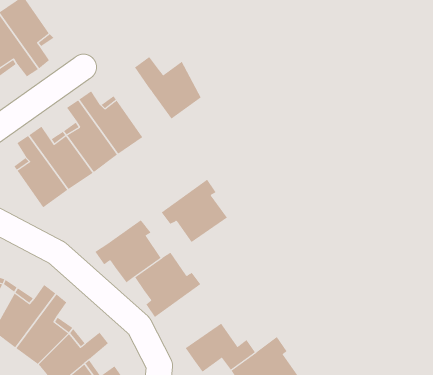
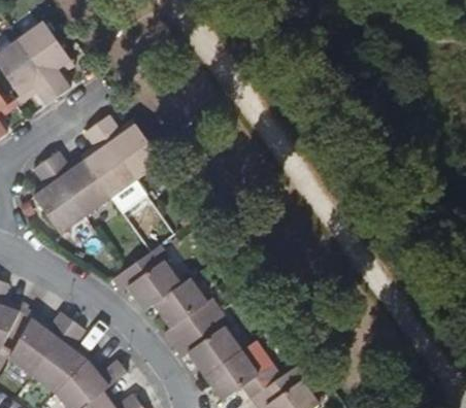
building: [134,56,202,120] -> none
building: [161,179,228,243] -> [174,312,242,377]

